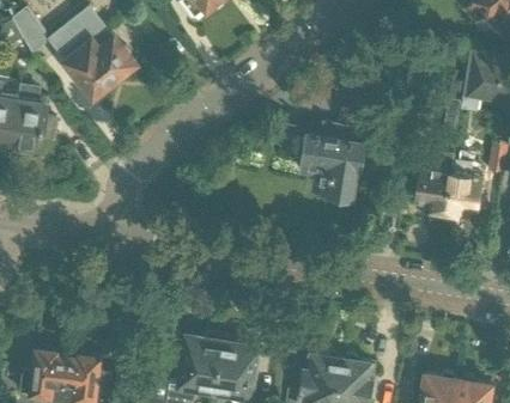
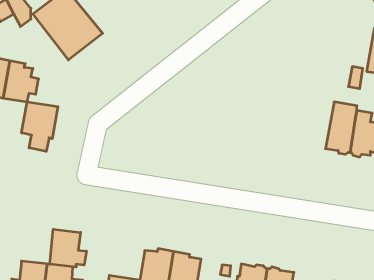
building: [303,94,377,200] -> none
building: none -> [22,102,58,151]
building: none -> [50,229,86,267]

